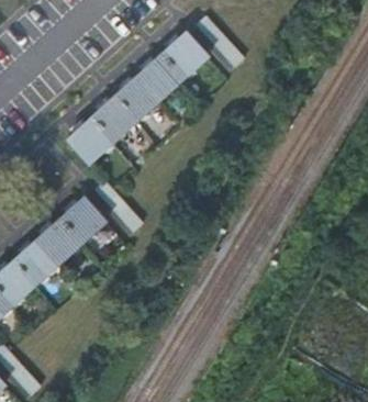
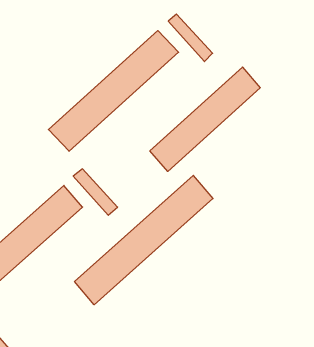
building: none -> [150,67,260,171]
building: none -> [75,175,213,305]

